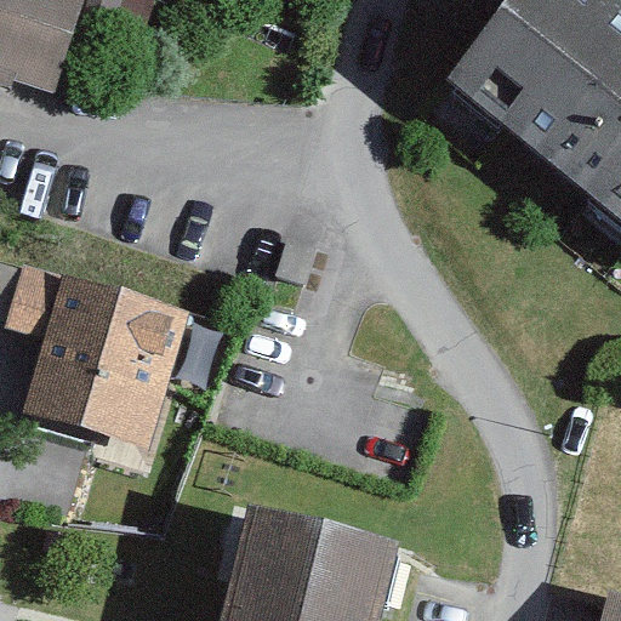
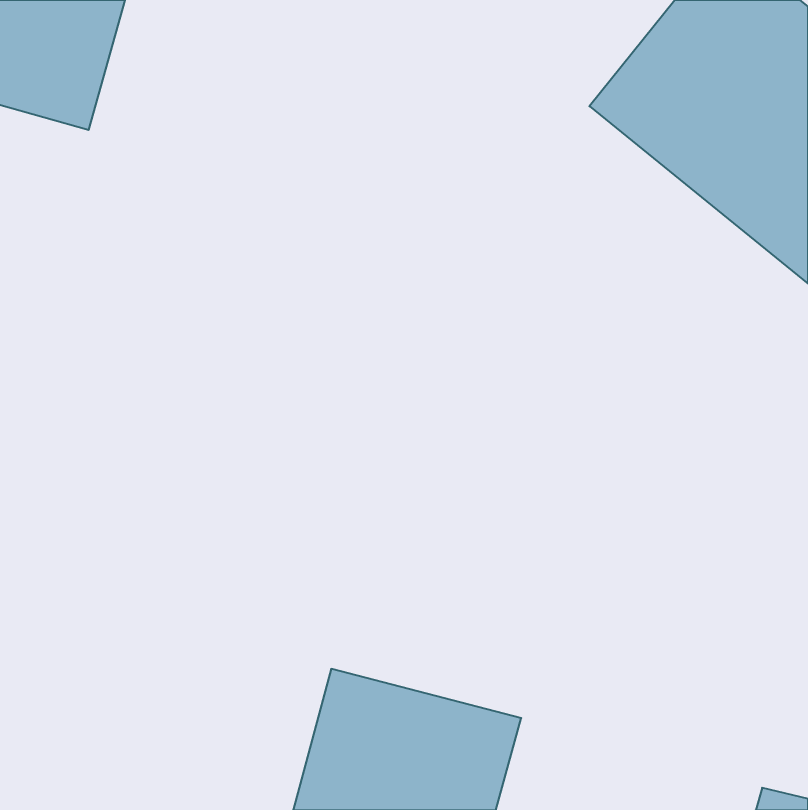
building: [7,263,184,444] -> none

